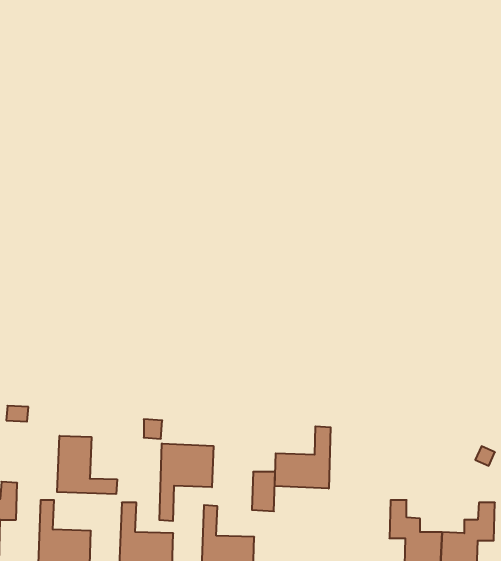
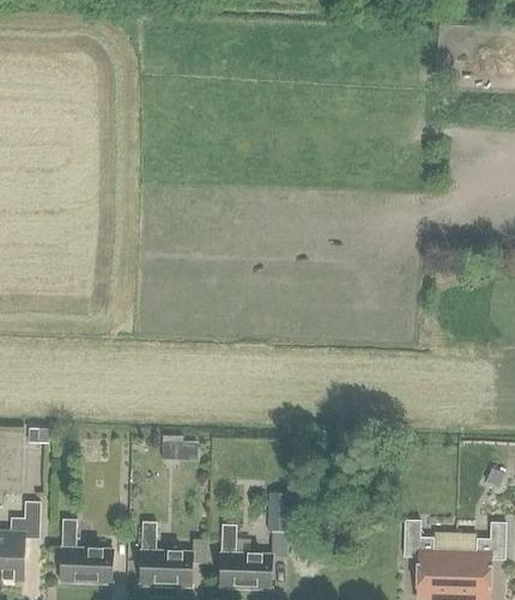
building: [275,426,331,489] -> none
building: [57,436,117,494] -> none
building: [159,443,213,521] -> none

